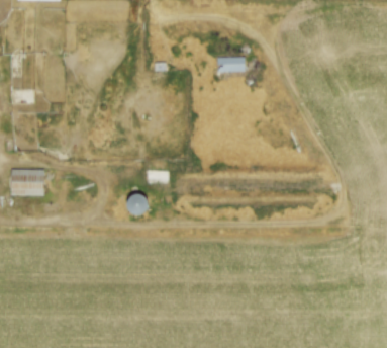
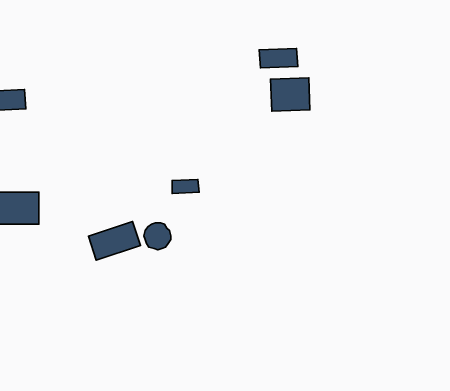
building: none -> [271,78,310,111]
building: none -> [88,222,140,260]

